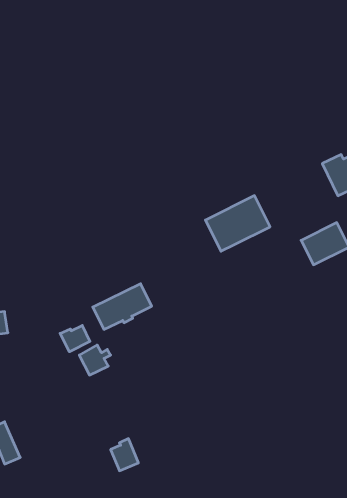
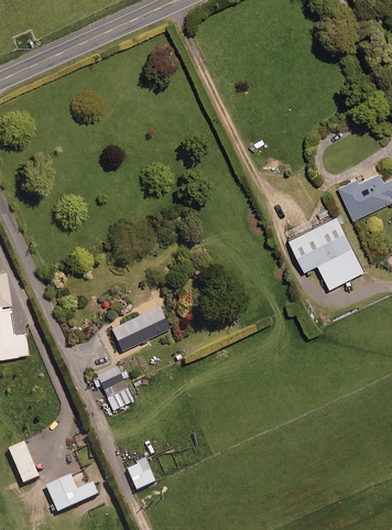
building: [205,196,270,251] -> [287,215,351,270]
building: [60,325,90,352] -> none
building: none -> [46,476,98,513]

